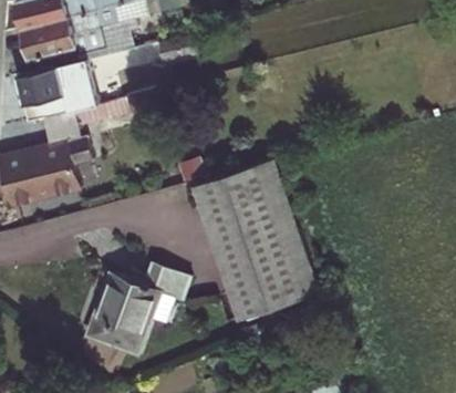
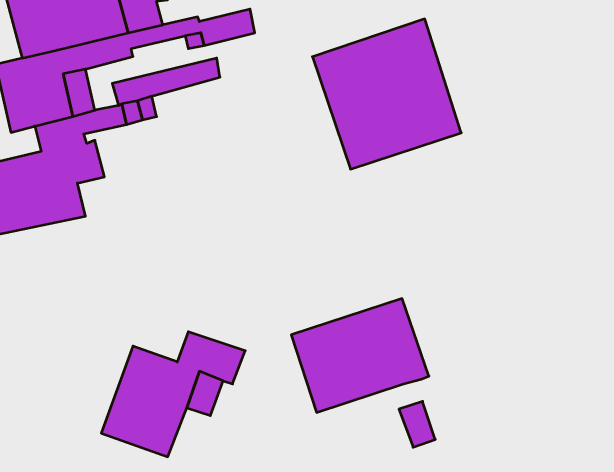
building: [194,163,298,268] -> [312,19,461,169]

